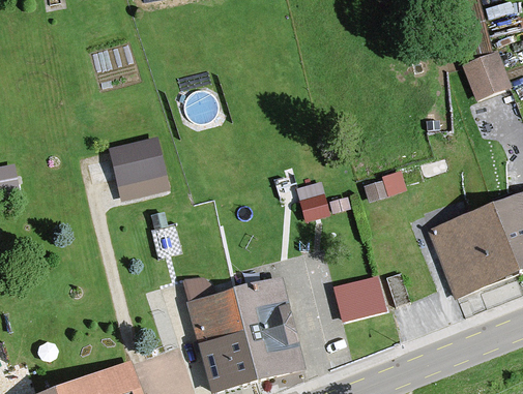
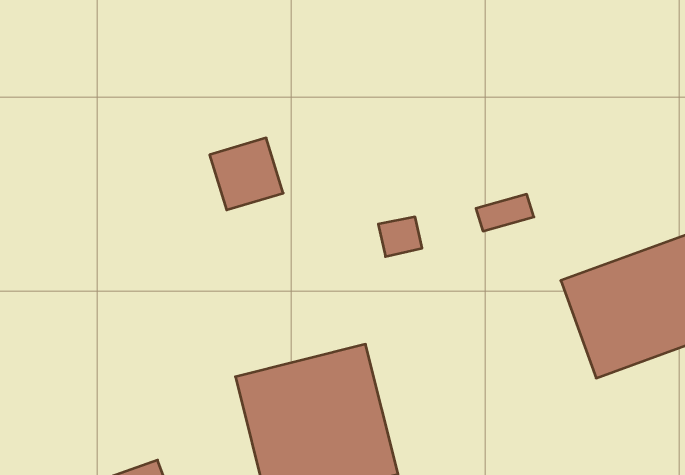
building: [460,51,509,98] -> none
building: [108,137,162,189] -> [210,138,283,210]
building: [337,269,389,315] -> none

